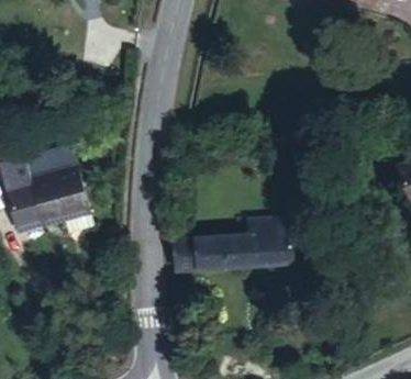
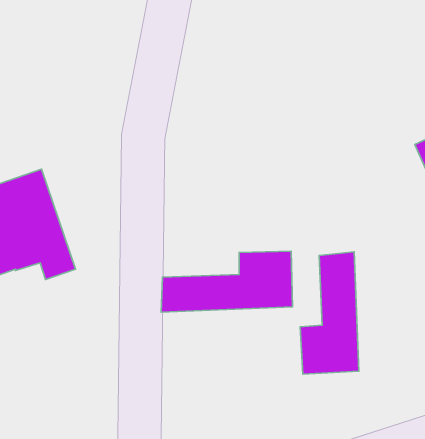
building: none -> [300,252,359,374]

